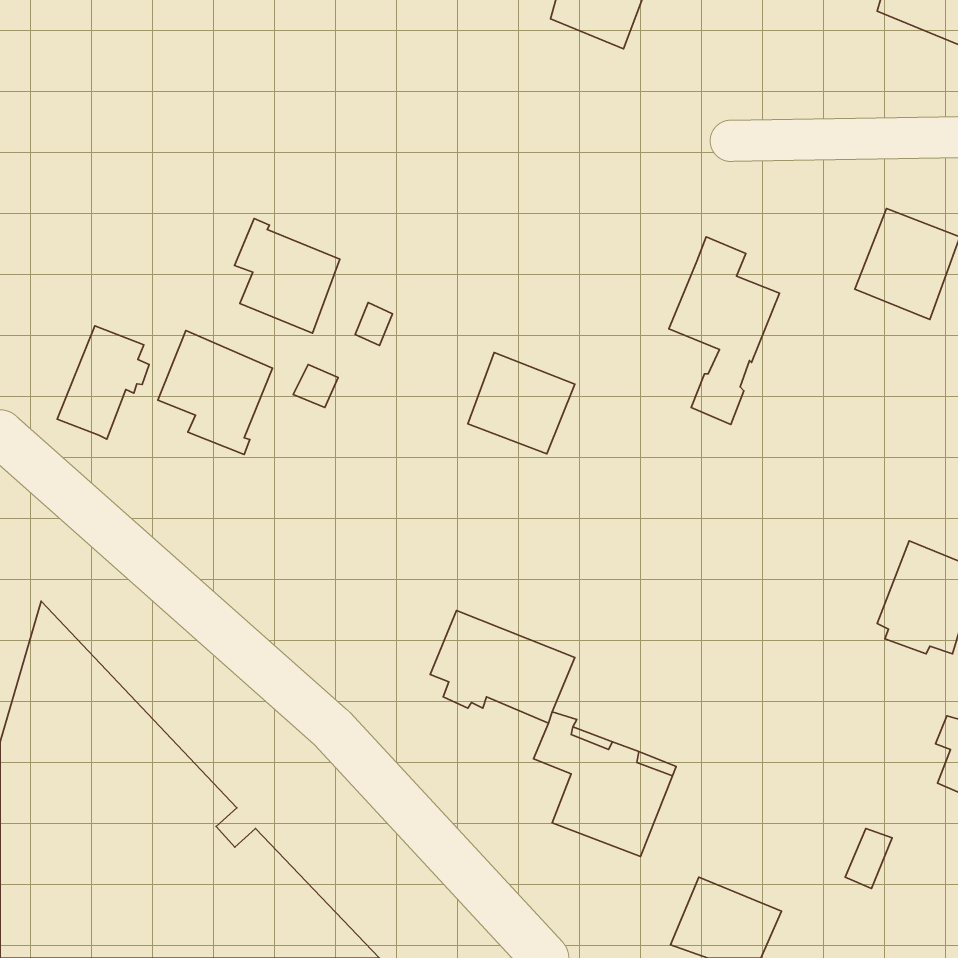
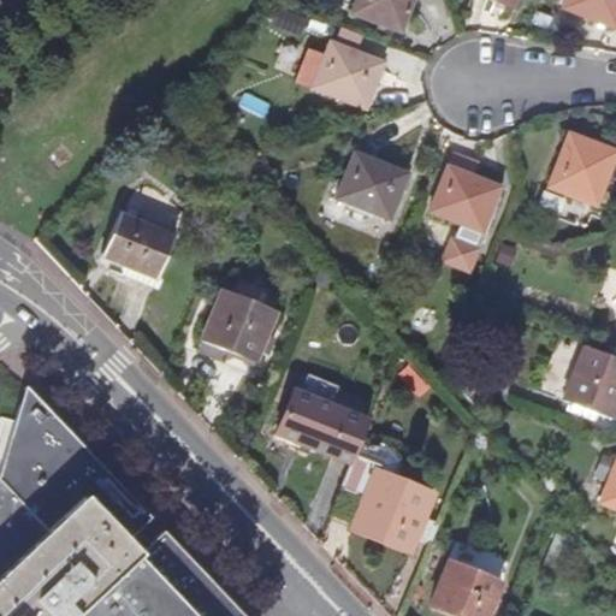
building: none -> [314,45,383,107]
building: [235,219,340,333] -> none
building: [57,326,149,439] -> none
building: [468,352,575,454] -> [338,154,407,219]
building: none -> [203,291,276,362]

